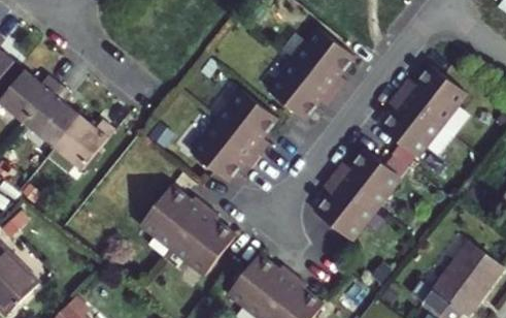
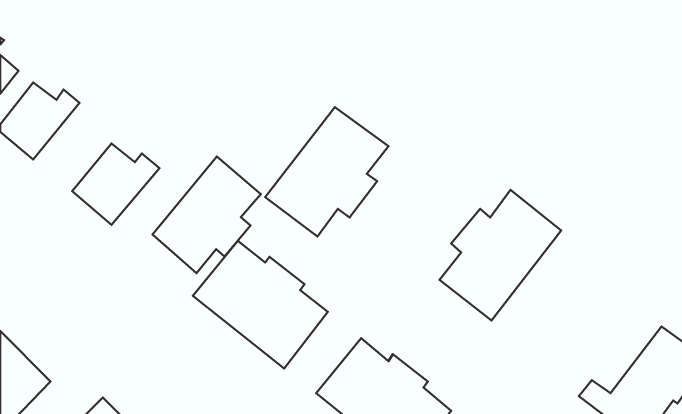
building: [267,27,355,119] -> none
building: [379,64,466,156] -> none
building: [25,86,80,149] -> none
building: none -> [152,157,261,273]

